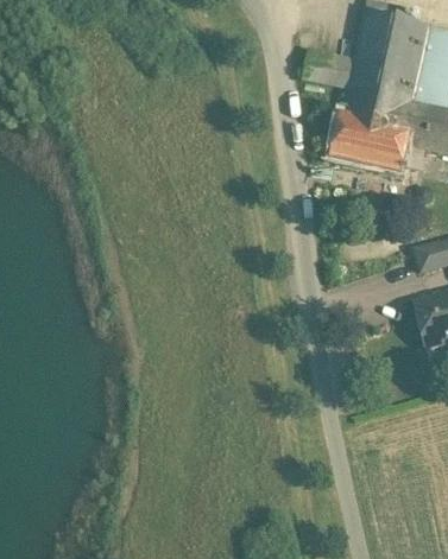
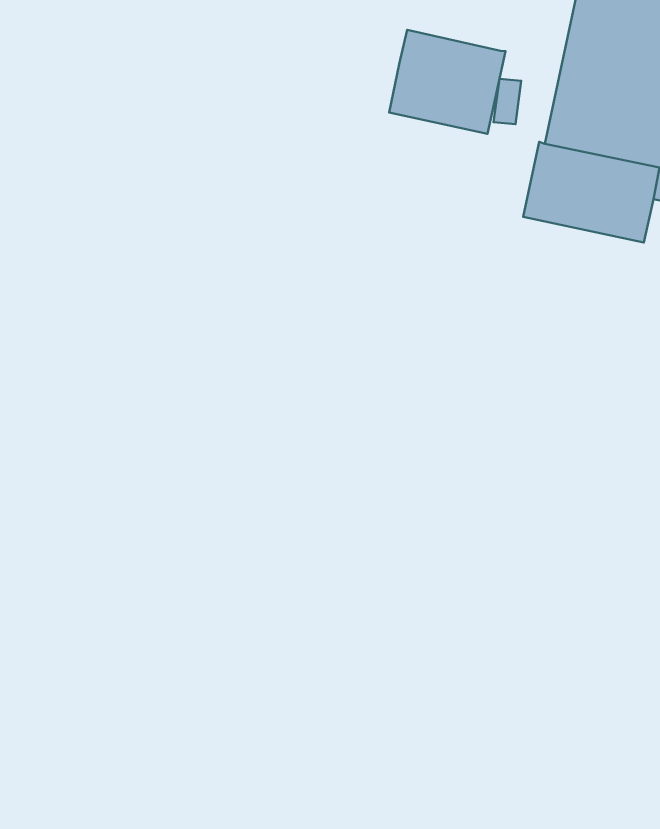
building: none -> [389,30,506,134]

